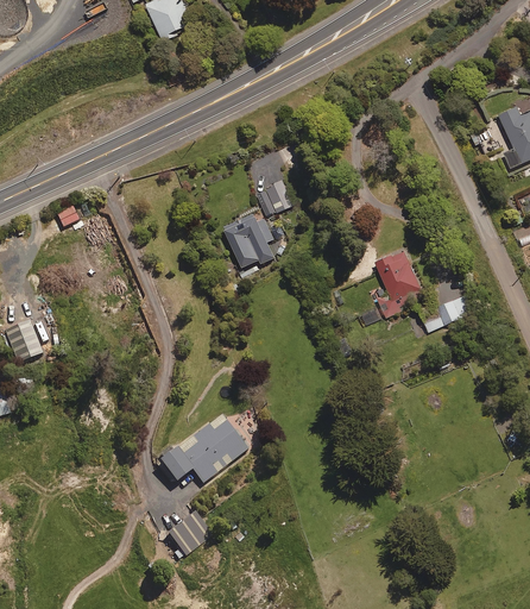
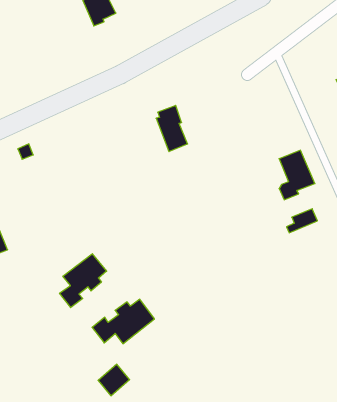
building: [225,214,282,266] -> none
building: [374,250,424,319] -> [279,150,315,200]
building: none -> [60,254,107,308]

